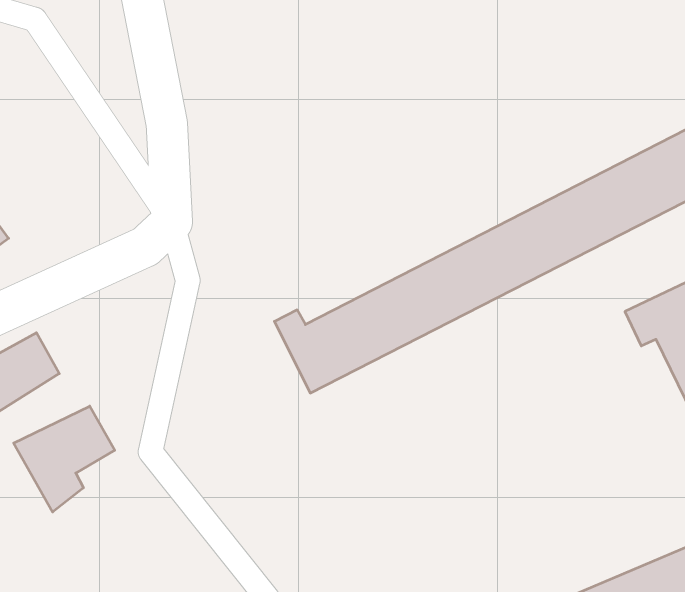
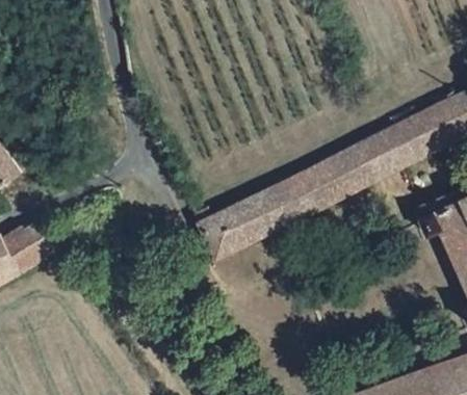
building: [14,406,115,512] -> none

